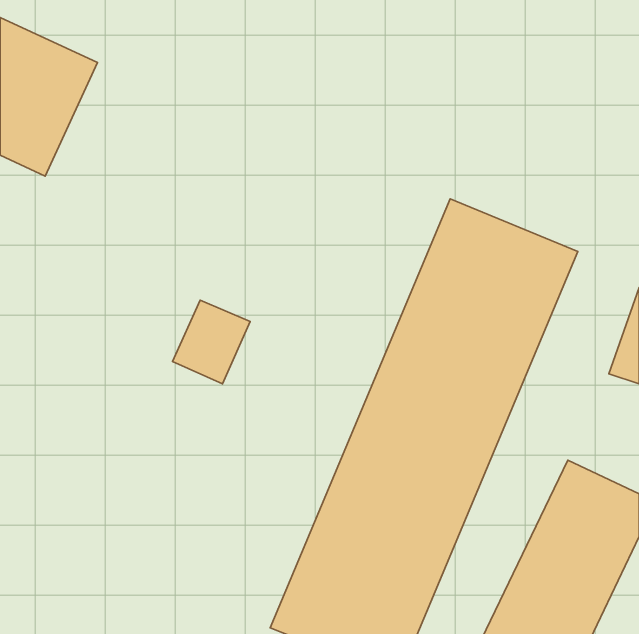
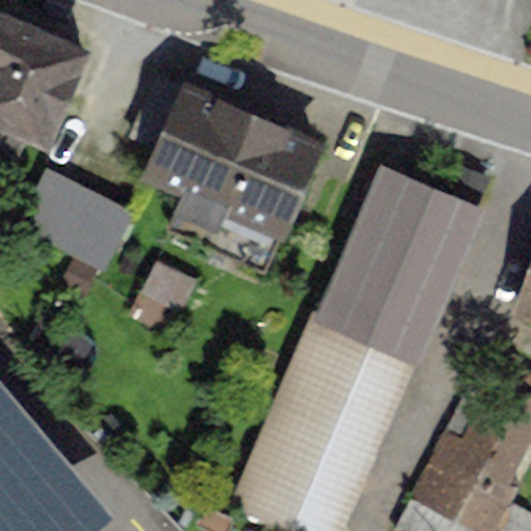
building: none -> [128,90,316,243]
building: none -> [29,155,146,260]

